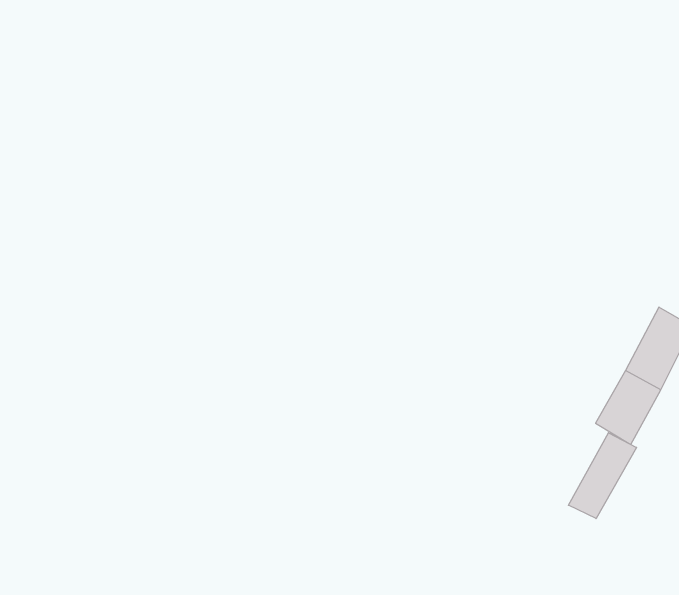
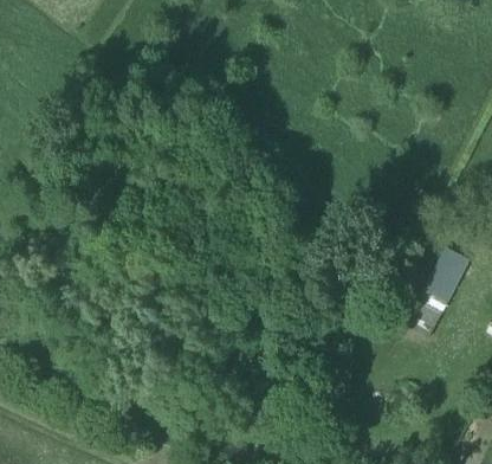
building: [568,433,637,519] -> none

